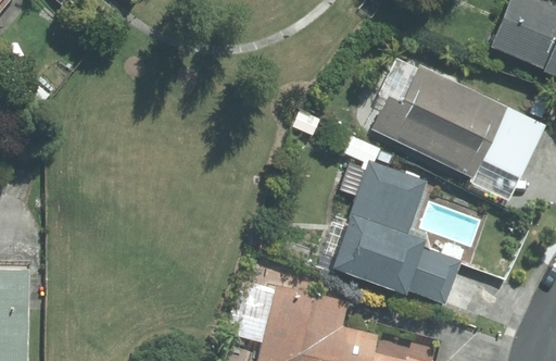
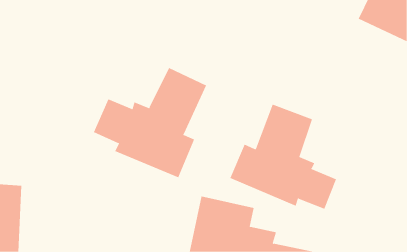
building: [370,65,546,198] -> none
building: none -> [93,67,207,178]

